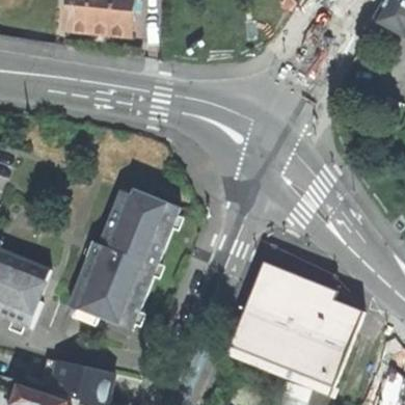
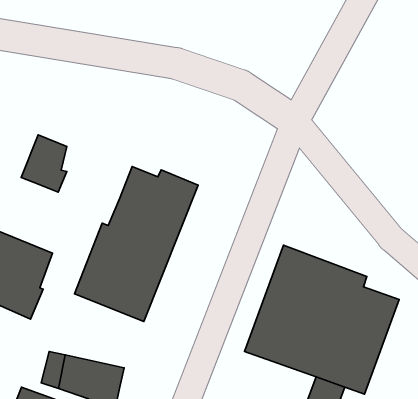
building: none -> [21,135,67,192]

